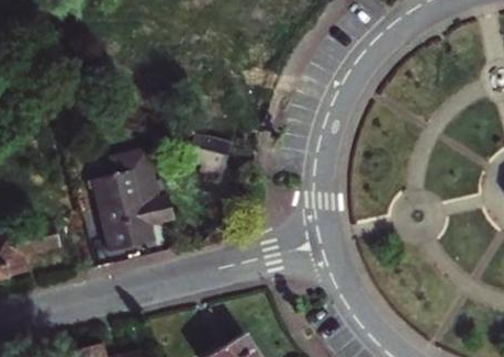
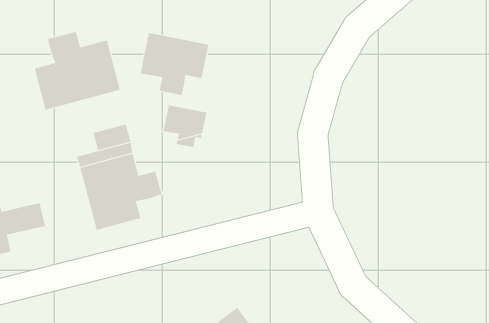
building: none -> [34,31,121,110]
building: none -> [140,32,209,96]

